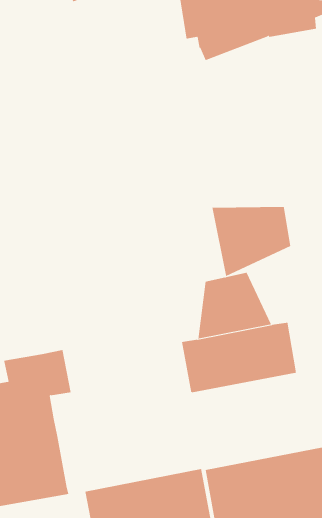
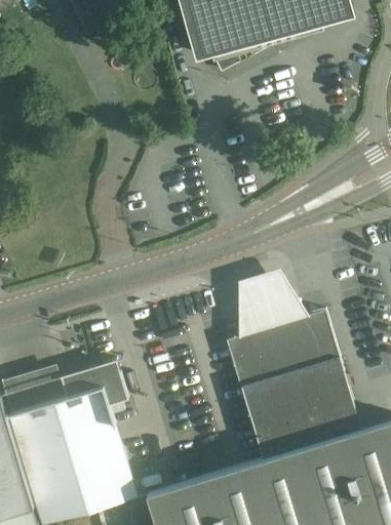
building: [212,206,291,277] -> none
building: none -> [240,356,358,455]

